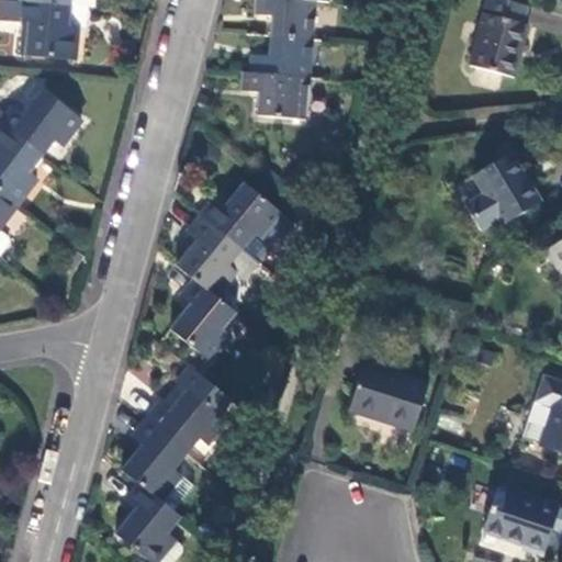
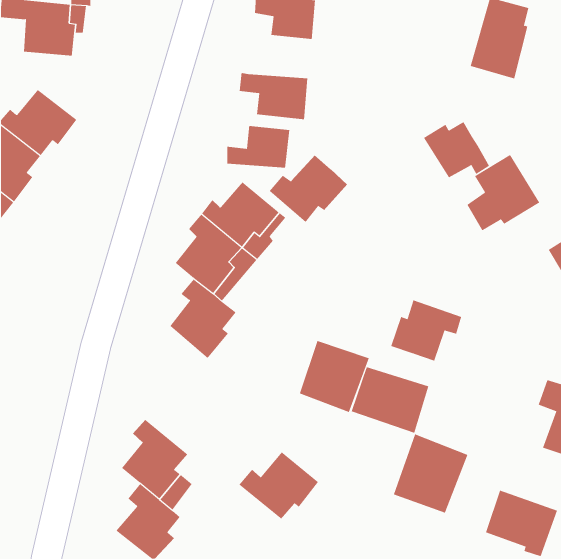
building: [249,35,313,78] -> [227,125,290,168]
building: none -> [423,121,490,178]
building: none -> [269,154,348,223]
building: none -> [391,300,462,361]
building: none -> [299,340,369,413]
building: [146,385,226,453] -> [239,451,319,520]
building: none -> [393,434,468,513]

